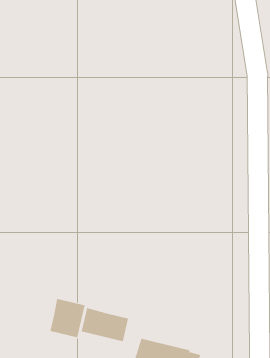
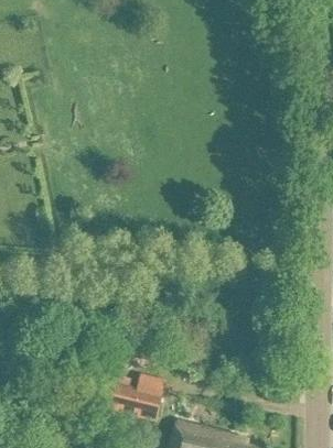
building: [50,298,85,338] -> none

